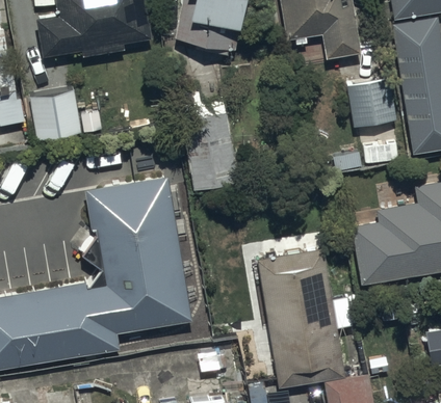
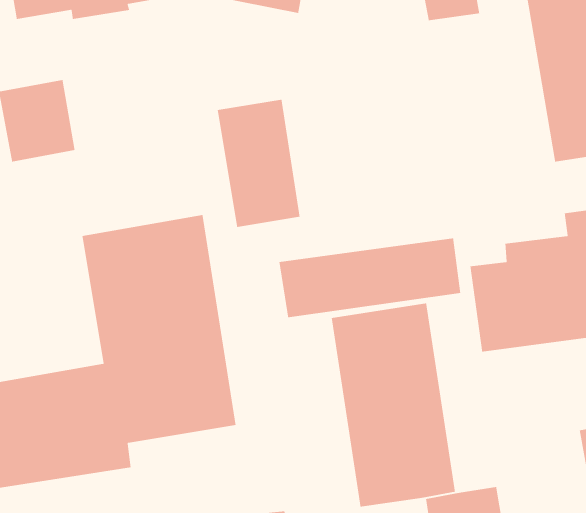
building: [346,76,397,132] -> none
building: none -> [278,238,461,318]

